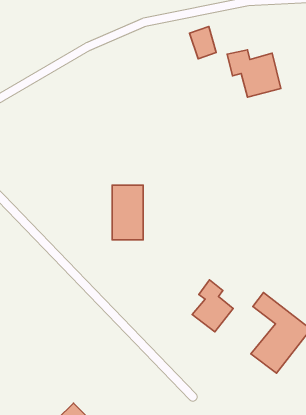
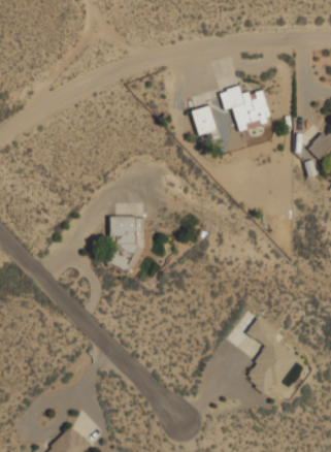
building: [189,27,216,59] -> [192,104,218,135]
building: [192,280,233,332] -> none

